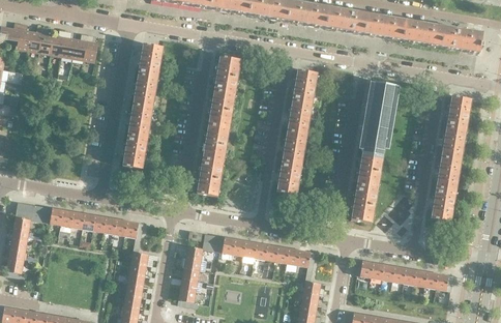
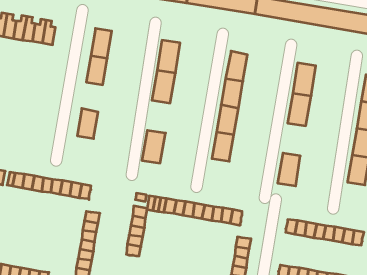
building: [128,104,152,138] -> none
building: [203,124,229,162] -> none
building: [357,150,383,187] -> none

